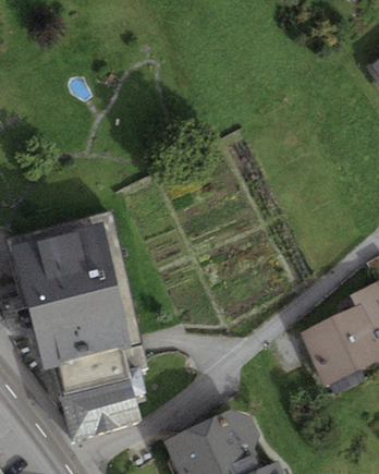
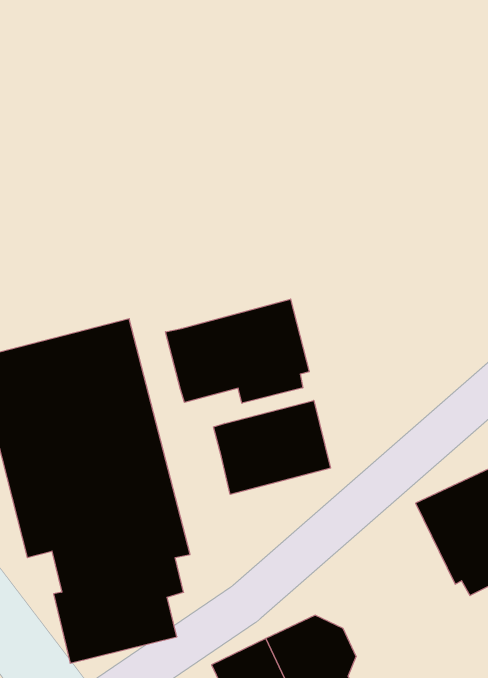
building: none -> [166,299,309,403]
building: none -> [213,400,331,494]

